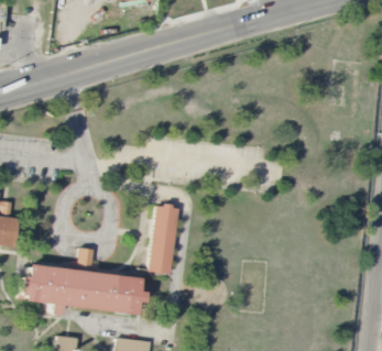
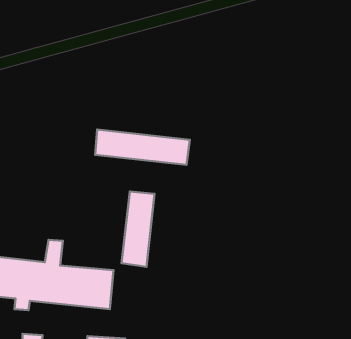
building: none -> [95,129,190,165]

